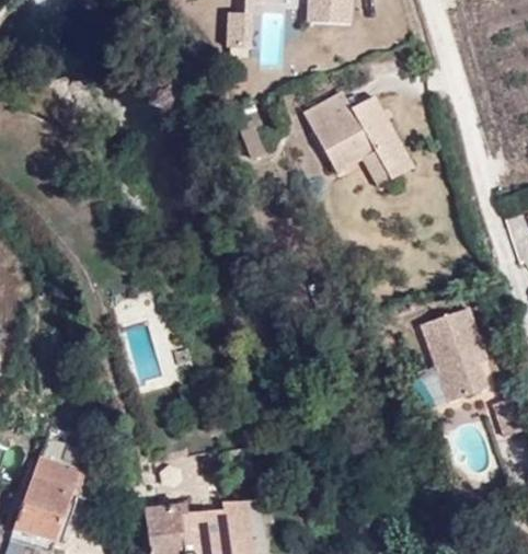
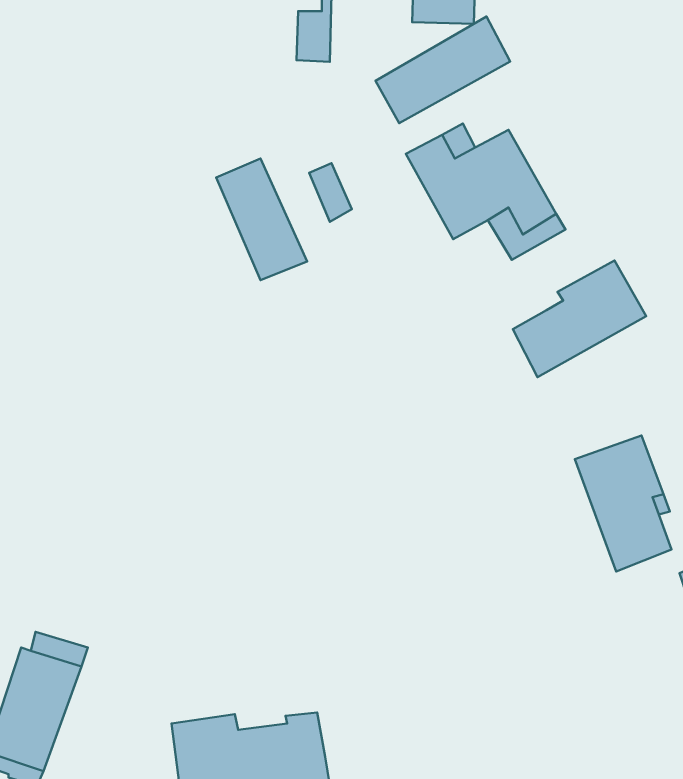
building: none -> [376,16,510,123]
building: none -> [216,159,307,280]
building: none -> [513,261,646,377]

